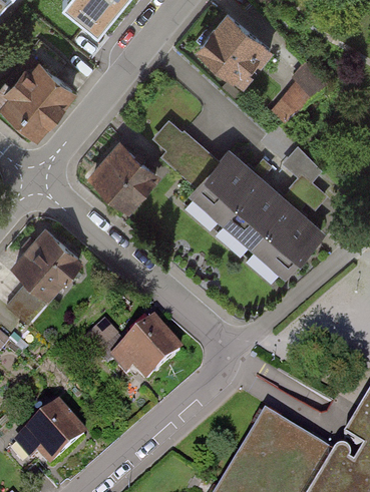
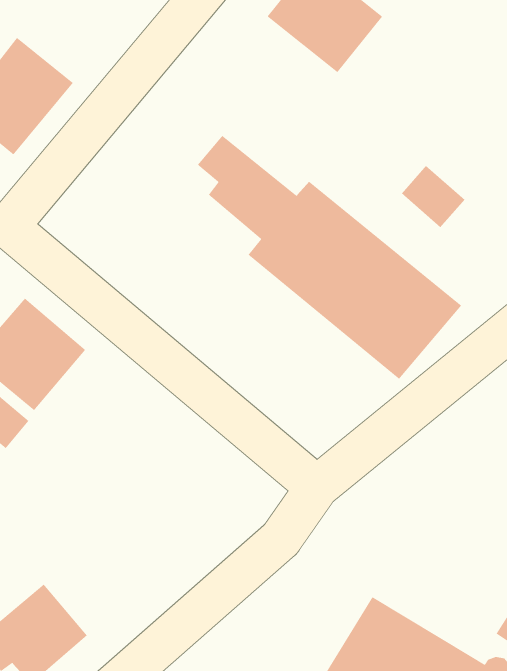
building: [274,64,332,119] -> none
building: [83,142,156,215] -> none
building: [90,324,181,386] -> none

